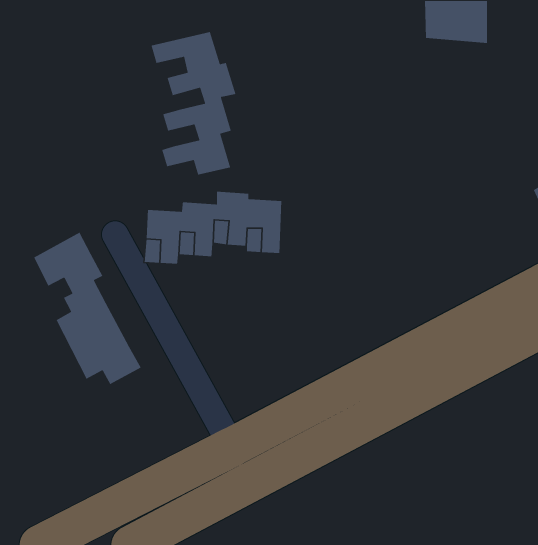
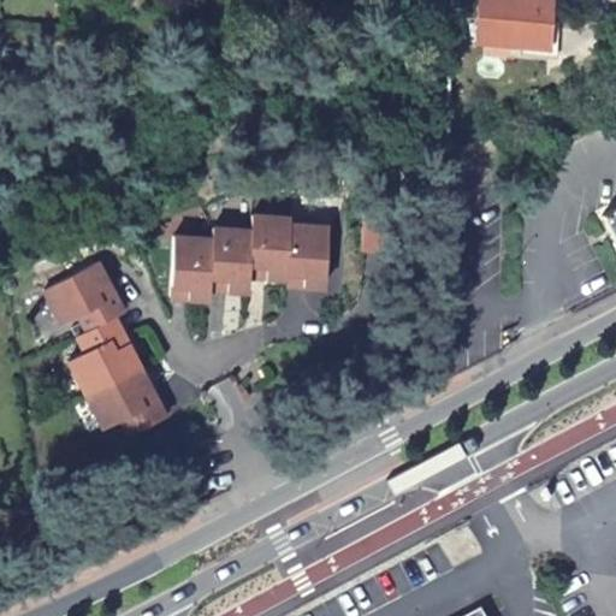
building: [150,31,236,176] -> none

